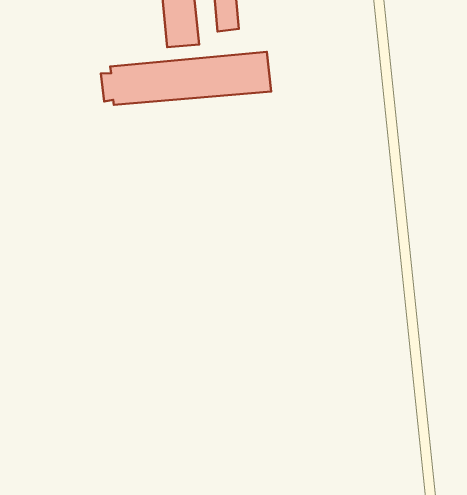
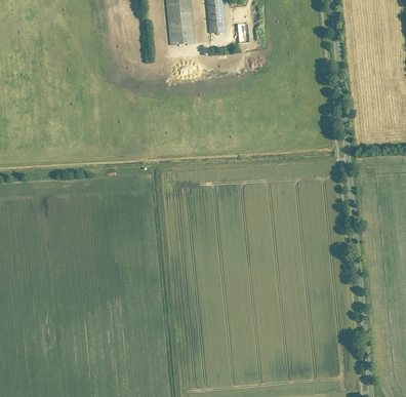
building: [101,52,271,105] -> none

